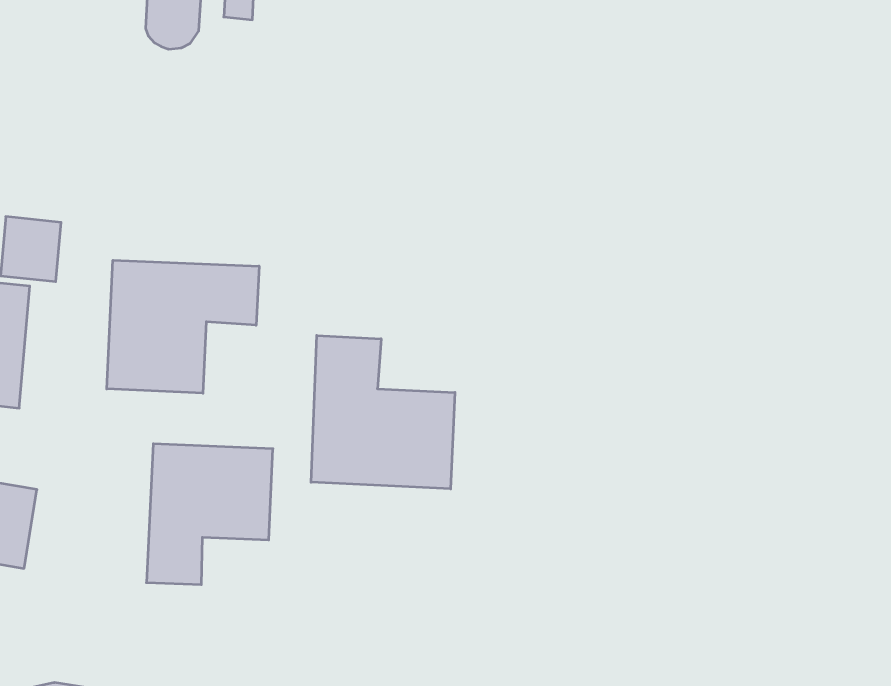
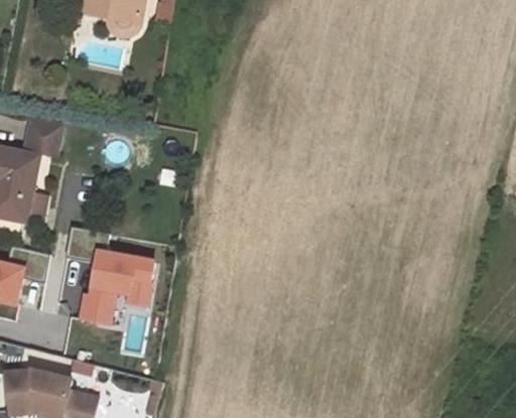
building: [107,260,259,393] -> none
building: [311,335,455,489] -> none

